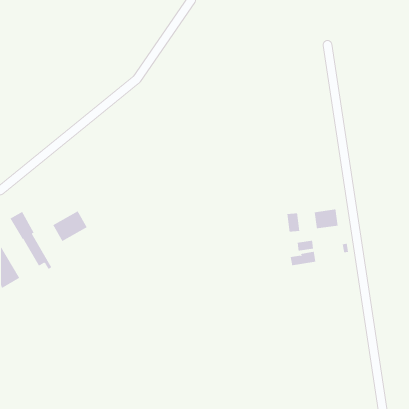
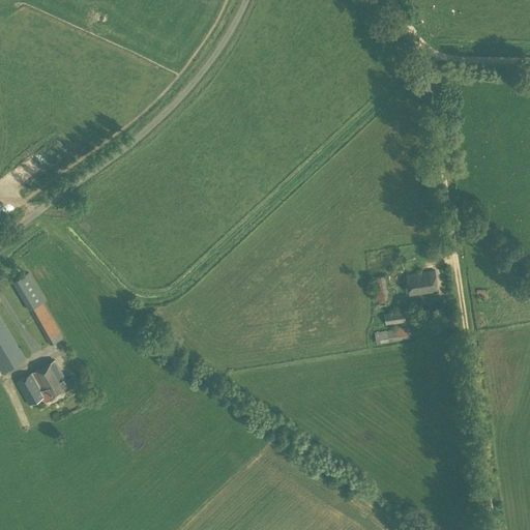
building: [53,211,88,242] -> none
building: none -> [18,360,77,404]

